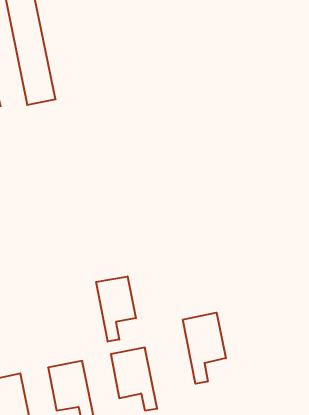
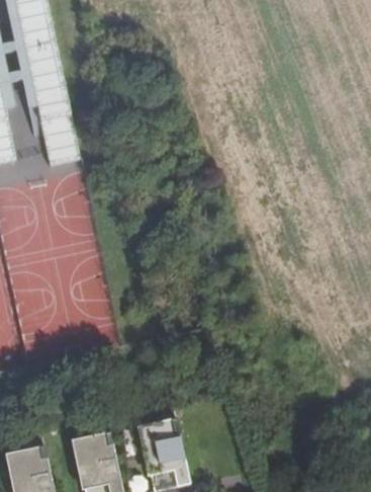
building: [96,276,136,342] -> none
building: [183,313,226,384] -> none

